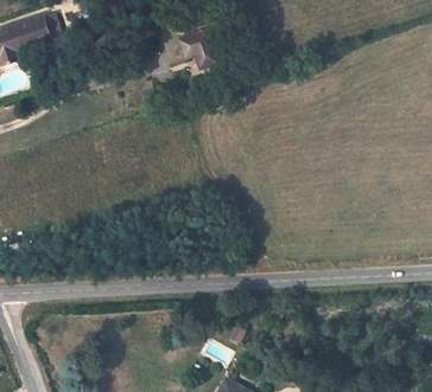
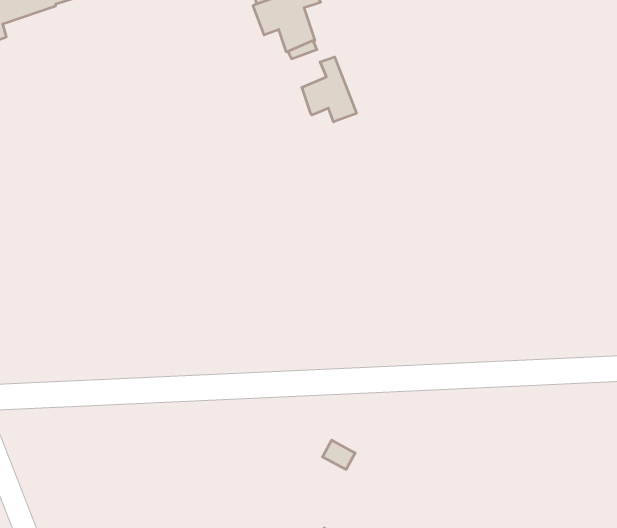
building: none -> [302,57,356,122]

